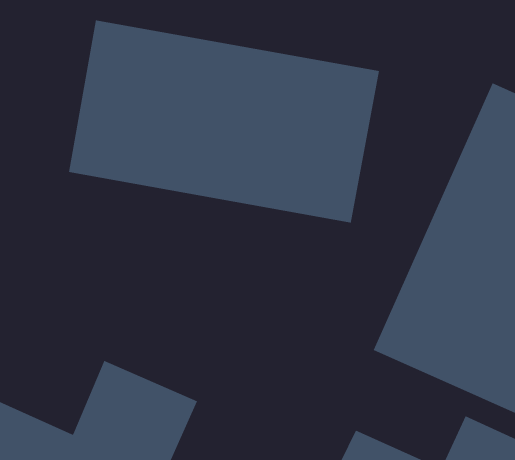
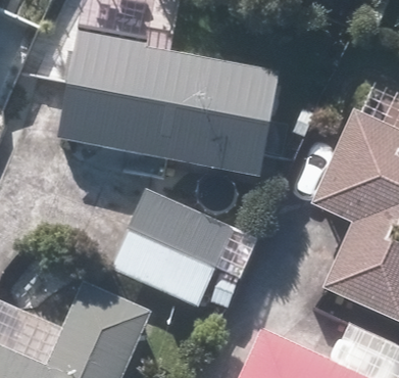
building: none -> [110,182,241,309]

